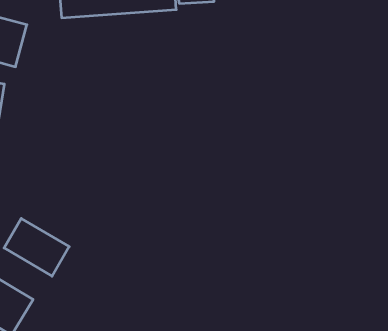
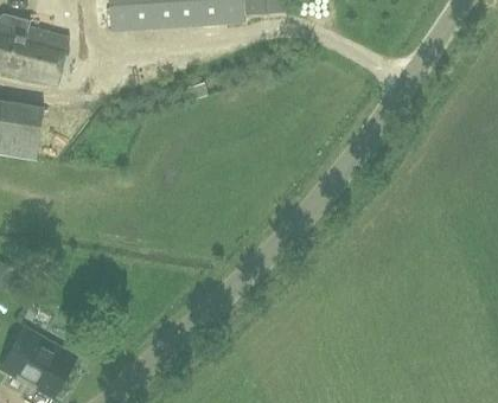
building: [4,218,69,276] -> none

